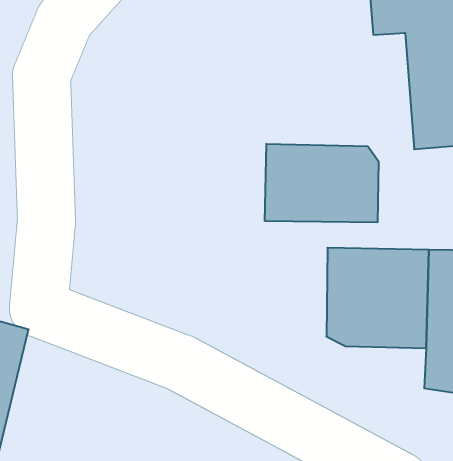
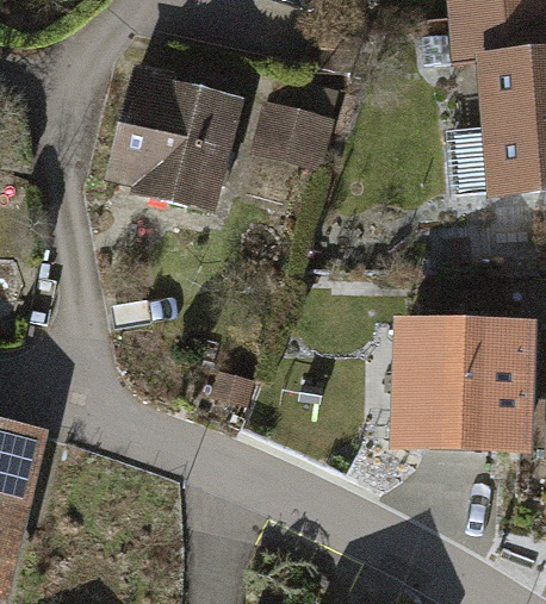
building: none -> [104,62,333,212]
building: [265,144,378,222] -> none

